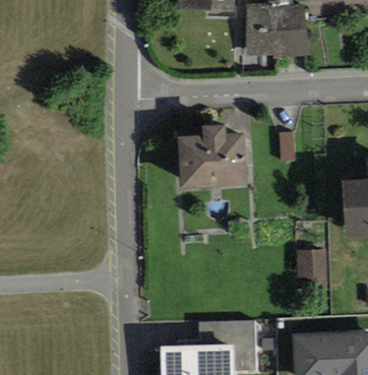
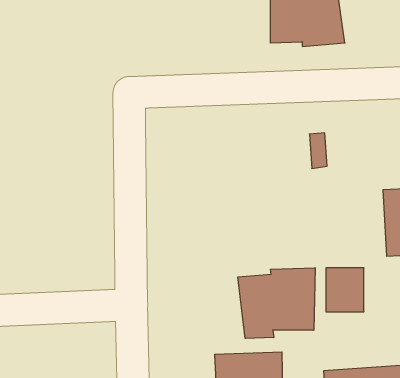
building: [176,124,247,191] -> none
building: none -> [238,268,315,338]

